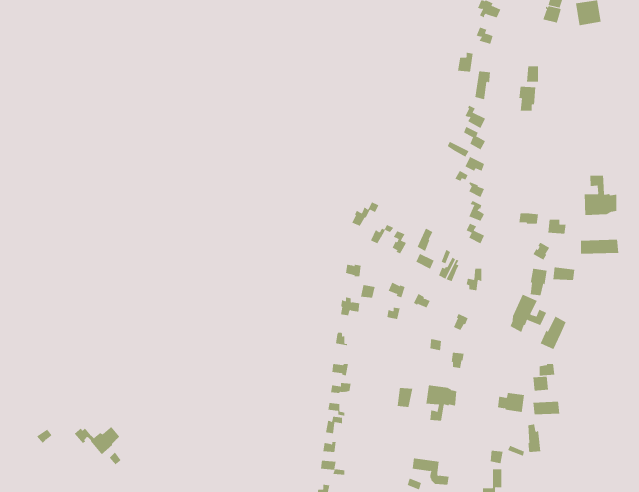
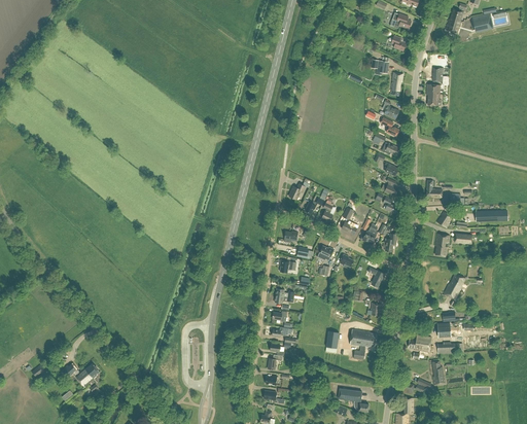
building: [584,175,617,216] -> none
building: [510,294,547,333] -> none

